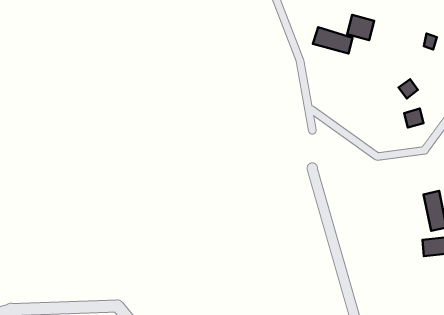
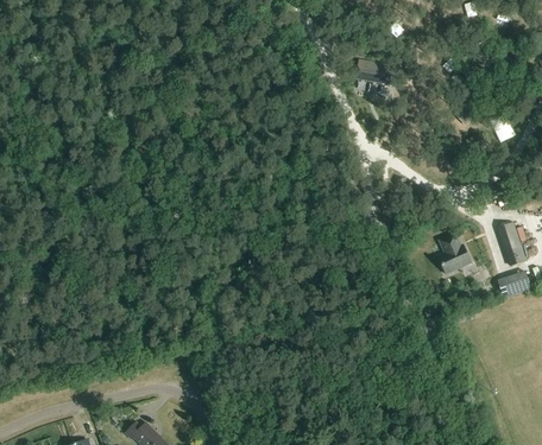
building: [347,15,374,40] -> none
building: none -> [436,233,469,273]

